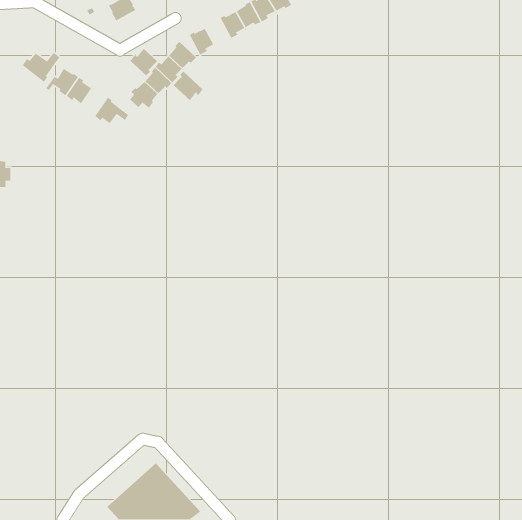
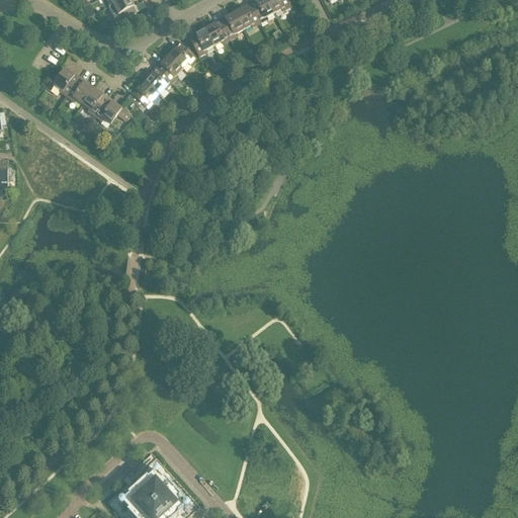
building: none -> [202,17,228,47]
building: [127,48,158,76] -> none
building: [22,52,60,83] -> none
building: [173,71,206,101] -> none
building: none -> [80,87,106,114]

